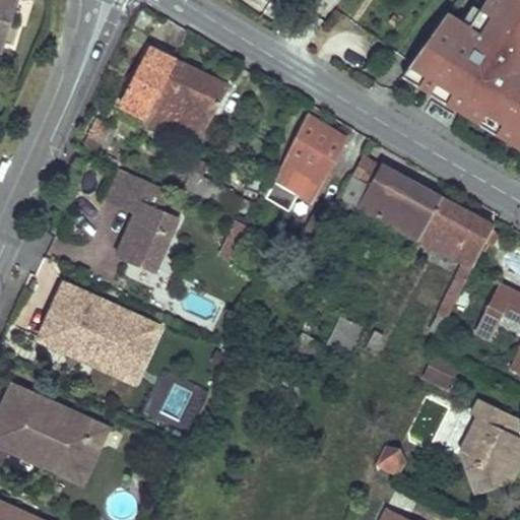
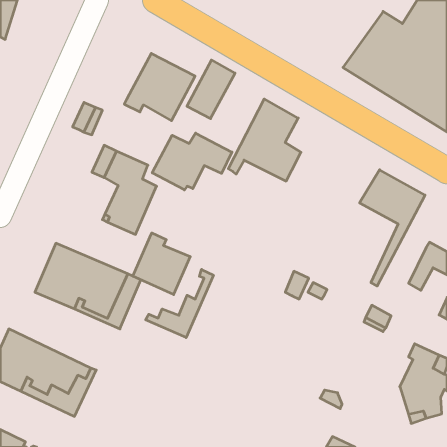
building: [120,47,176,115] -> [187,60,235,119]
building: [345,152,441,236] -> none
building: none -> [152,133,232,190]
building: none -> [133,233,190,295]
building: none -> [146,269,213,338]

